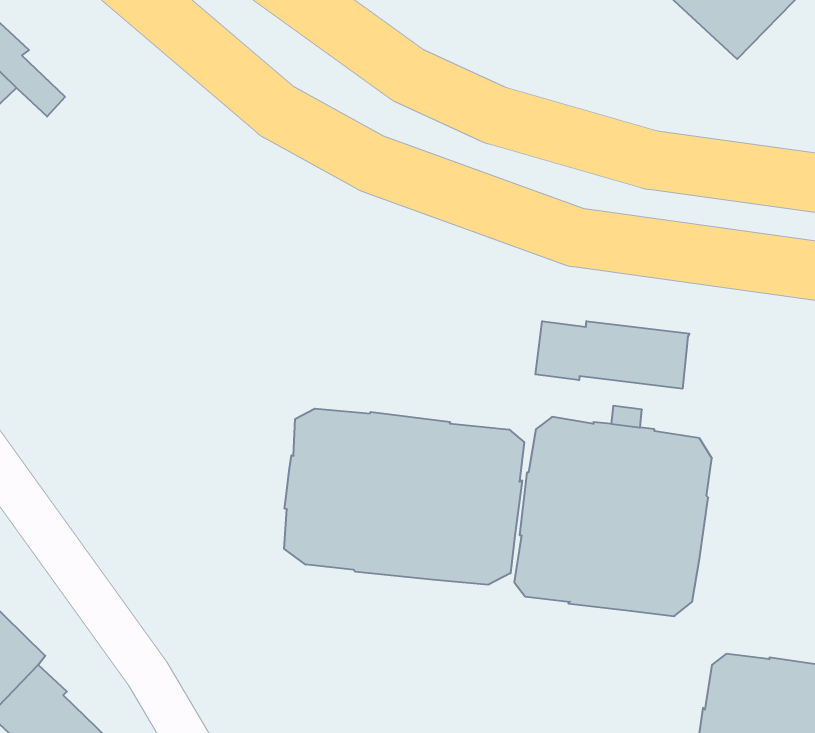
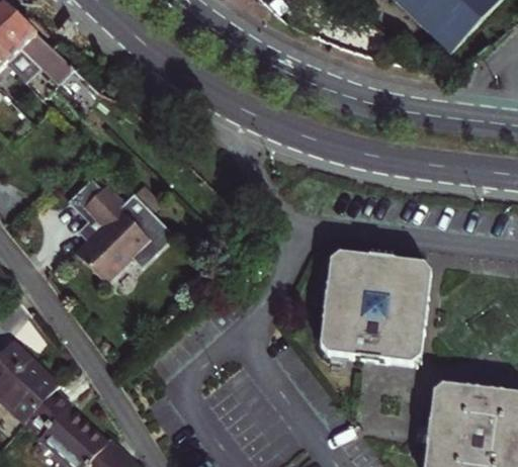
building: none -> [80,188,186,293]
building: [535,321,689,389] -> none
building: [284,409,524,585] -> none

